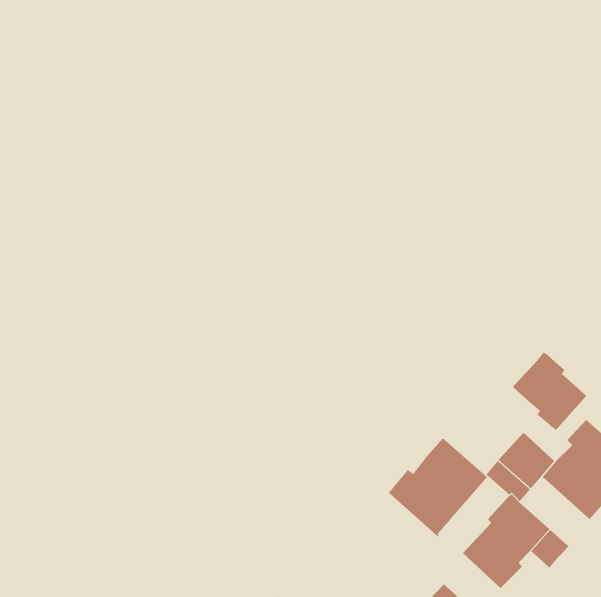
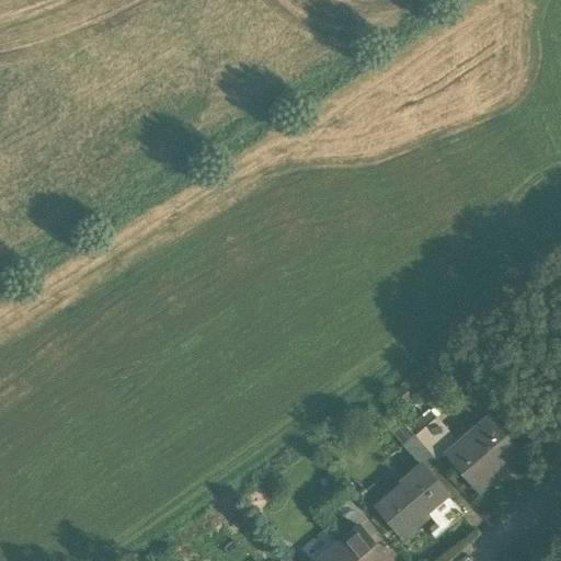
building: [512,352,587,431] -> none
building: [388,438,488,537] -> none

